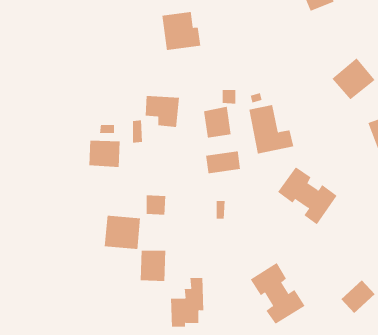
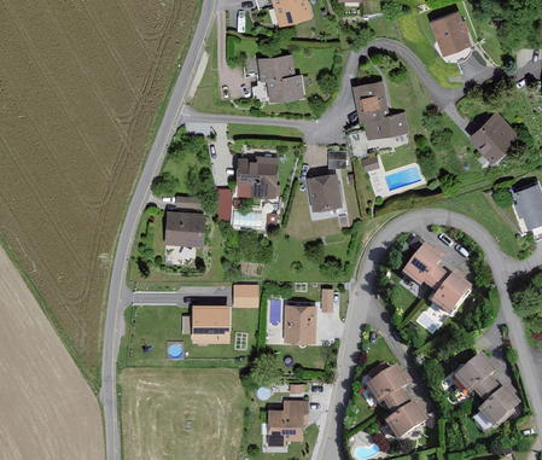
building: [248,105,294,154] -> [352,78,409,140]
building: [206,150,241,174] -> none
building: [140,250,166,281] -> [284,304,316,343]
building: none -> [450,351,500,402]

